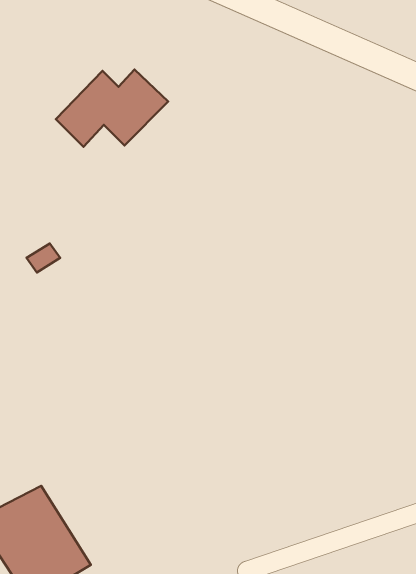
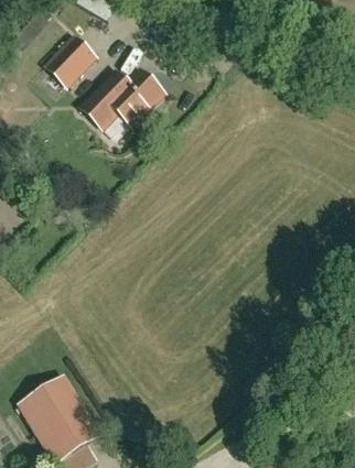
building: none -> [50,36,99,86]

